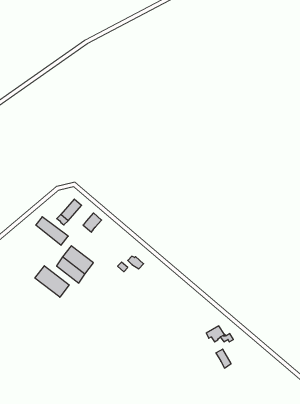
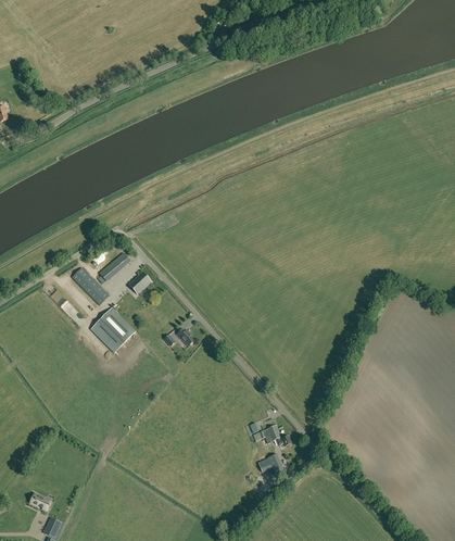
building: [35,266,69,297] -> none

